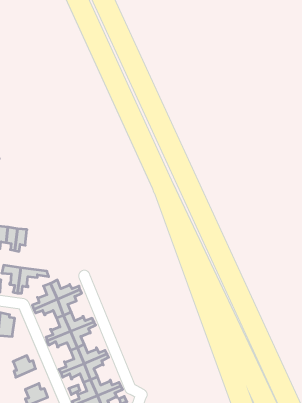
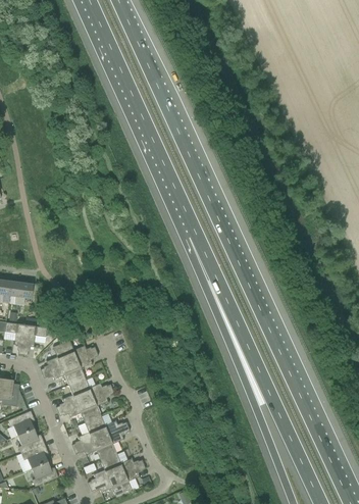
building: none -> [7,410,35,436]
building: none -> [20,444,48,468]

